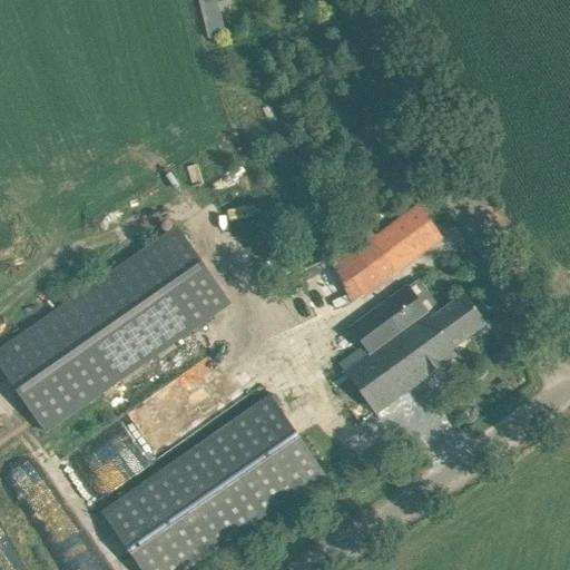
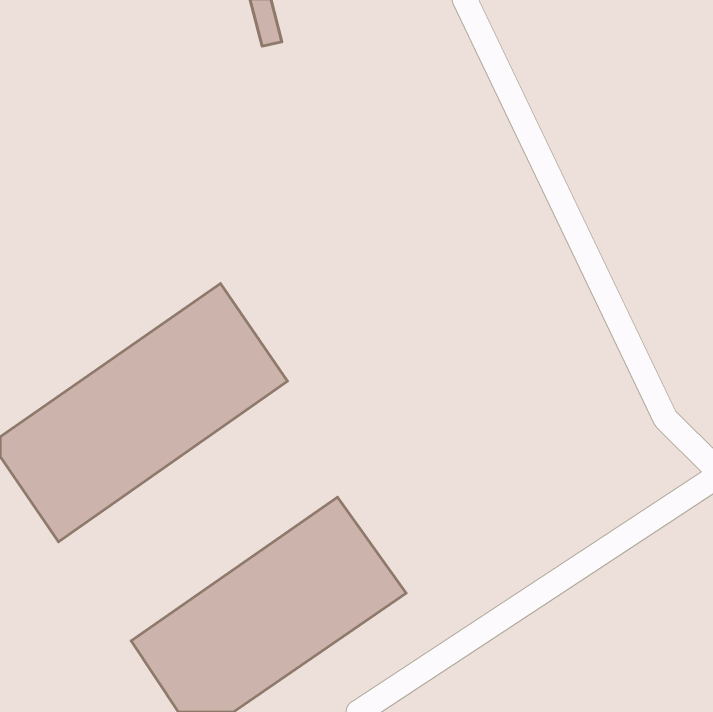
building: [330,205,442,301] -> none
building: [338,285,487,412] -> none

